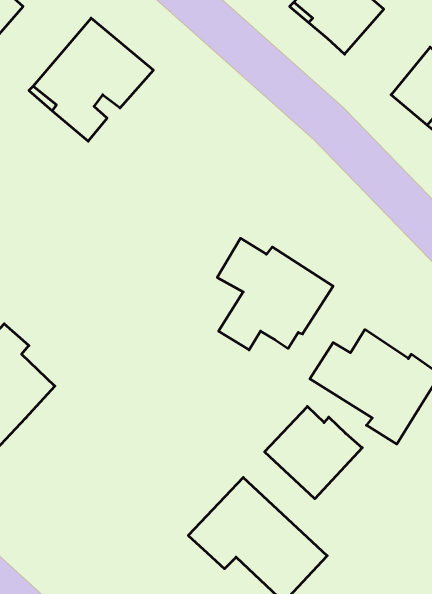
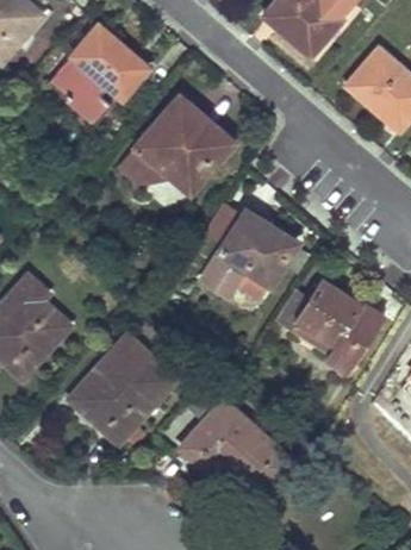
building: none -> [119,94,232,189]
building: none -> [70,335,174,440]
building: [265,406,362,499] -> none

